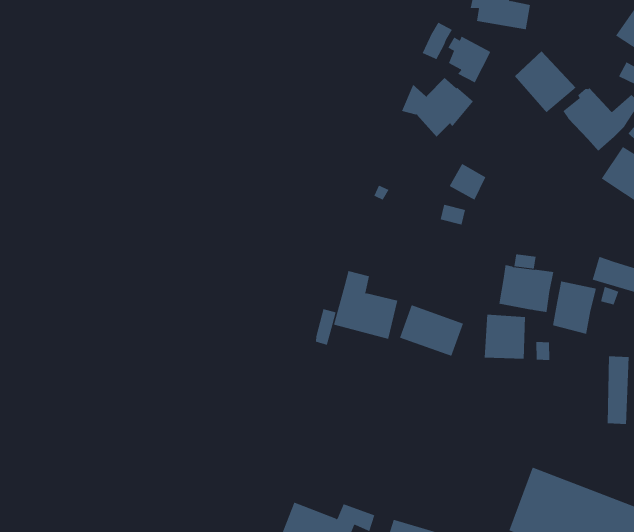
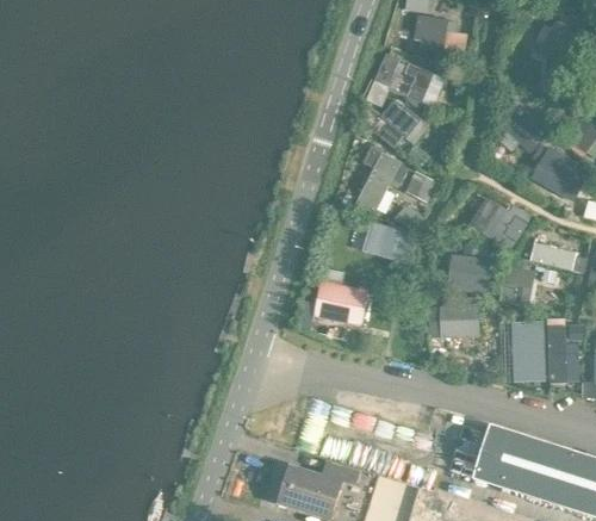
building: [514,50,576,113] -> none
building: none -> [354,144,408,213]
building: none -> [482,204,530,253]
building: [399,305,464,357] -> [360,221,414,262]
building: none -> [510,321,544,382]

